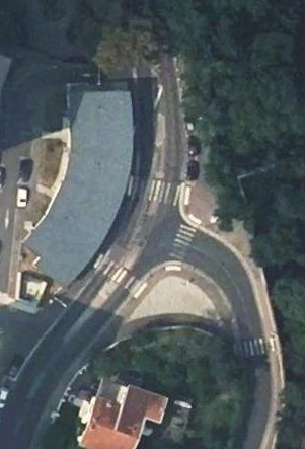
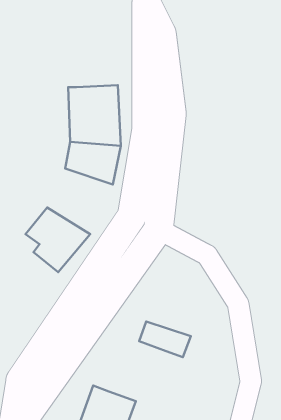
building: [57,180,124,247] -> none
building: [120,387,172,424] -> [139,321,191,357]

